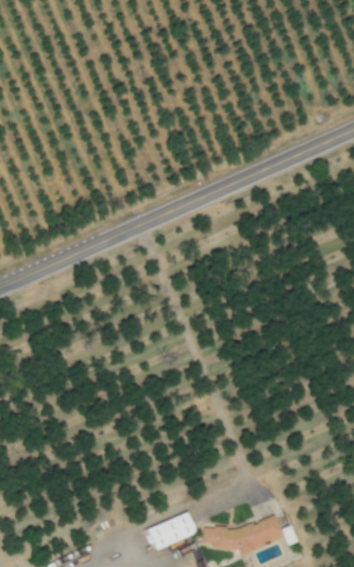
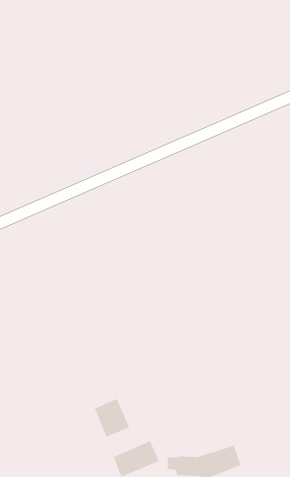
building: none -> [94,398,130,437]

